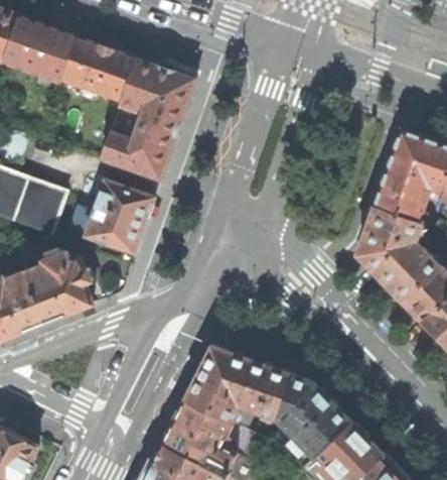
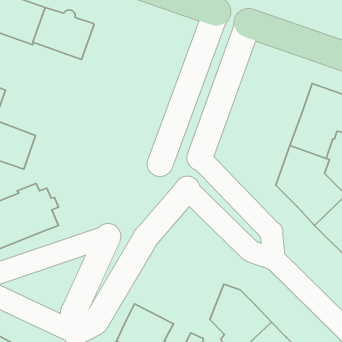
building: [100,56,193,176] -> none
building: [85,179,152,251] -> none
building: [183,345,292,428] -> none

